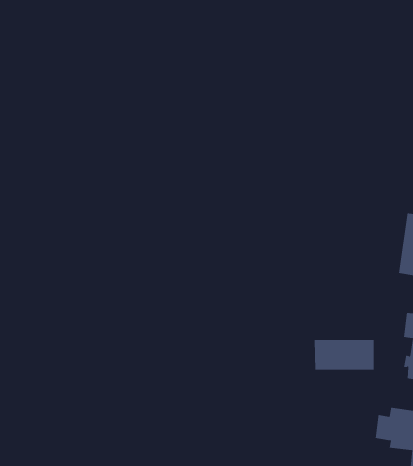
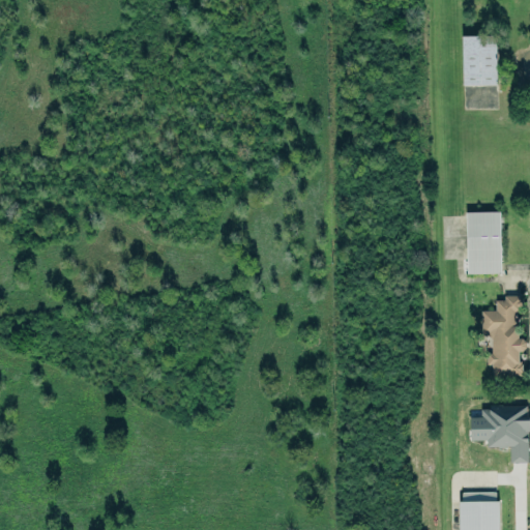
building: [314,339,374,371] -> none

